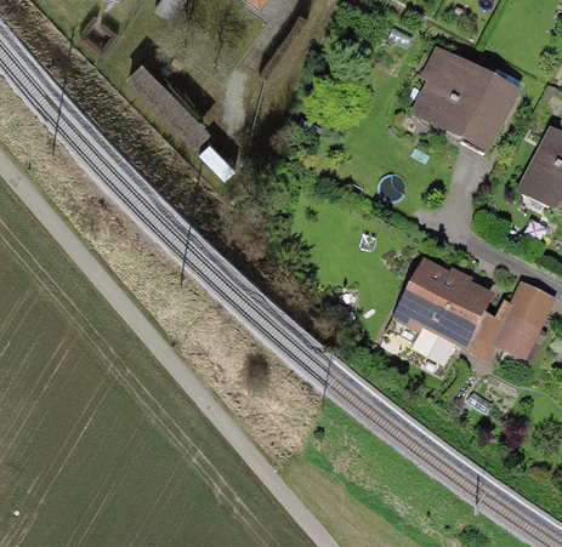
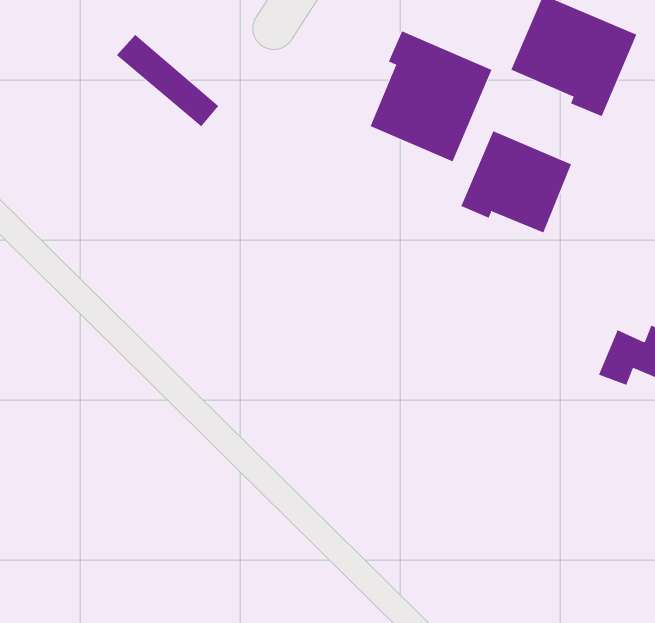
building: none -> [370,31,492,162]
building: [403,263,489,343] -> [461,131,572,233]

